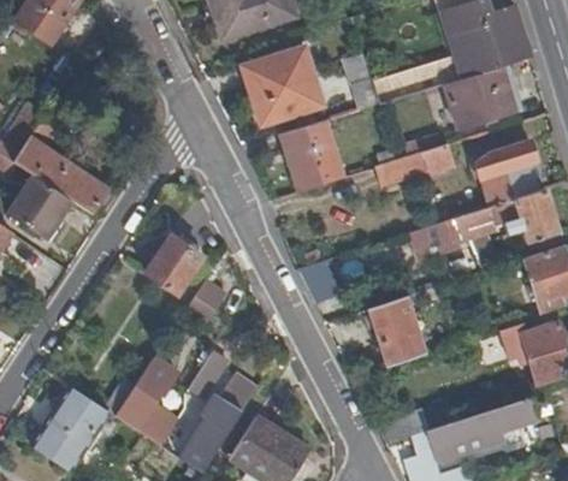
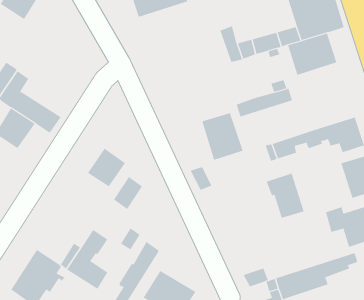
building: [243,49,321,125] -> none
building: [282,120,344,192] -> [202,112,243,161]
building: [475,141,539,207] -> none
building: [365,297,422,366] -> [266,173,304,219]

